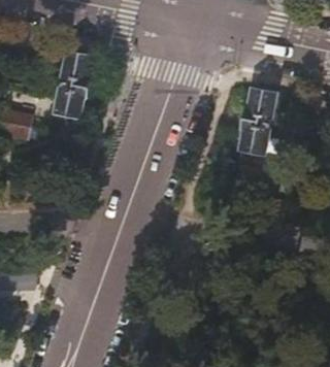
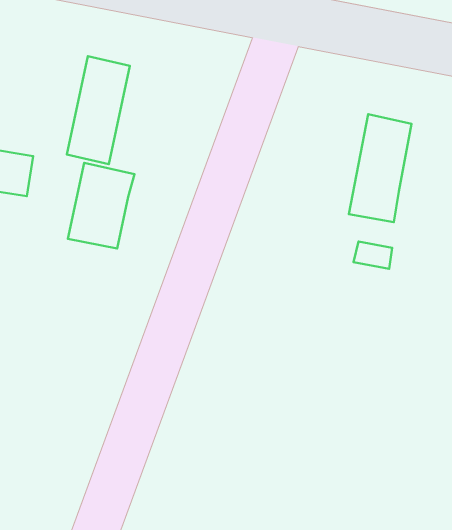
building: none -> [68,163,134,248]

